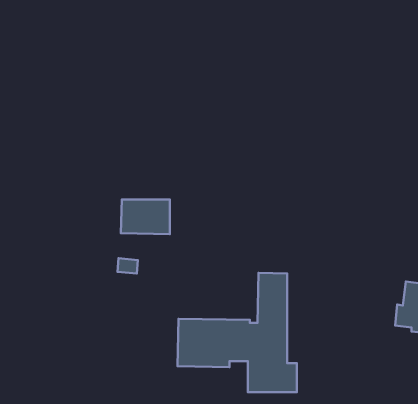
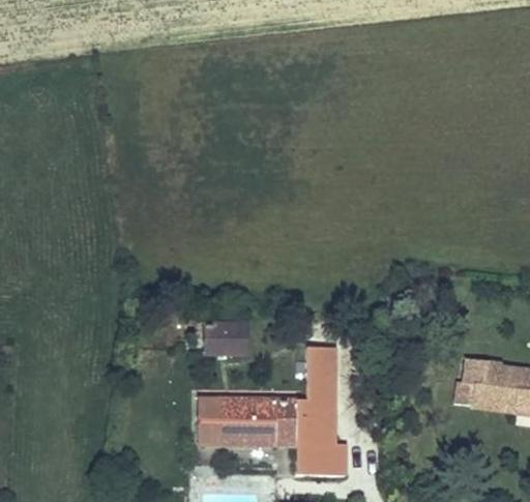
building: [121,199,170,234] -> [197,320,249,357]
building: none -> [198,395,222,446]

